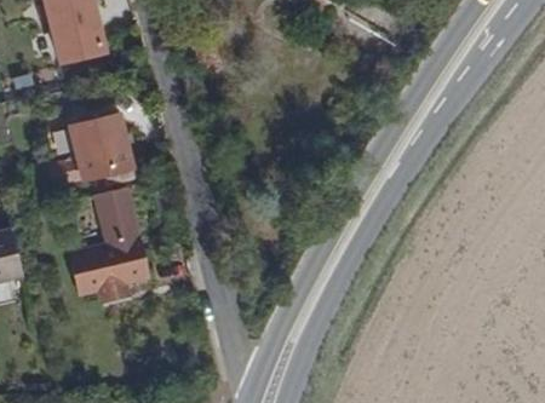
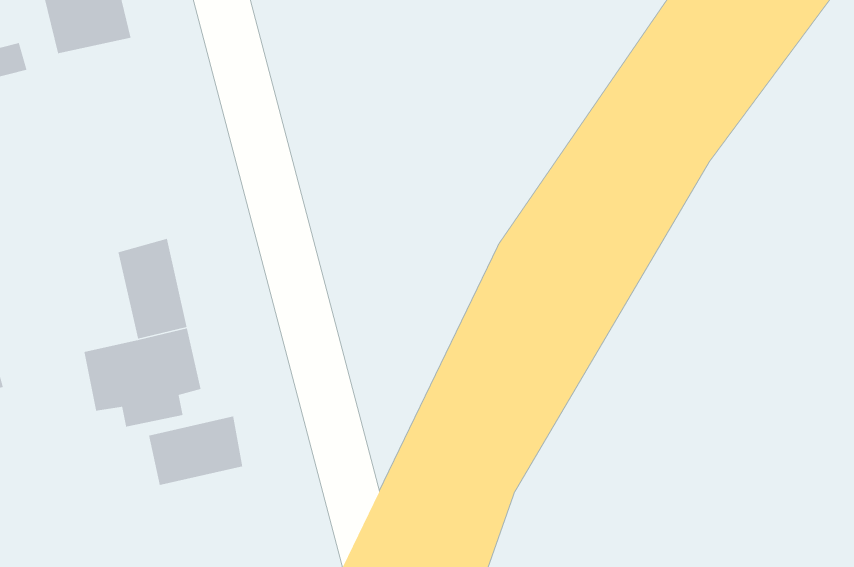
building: [48,111,133,183] -> none
building: none -> [148,415,243,486]

